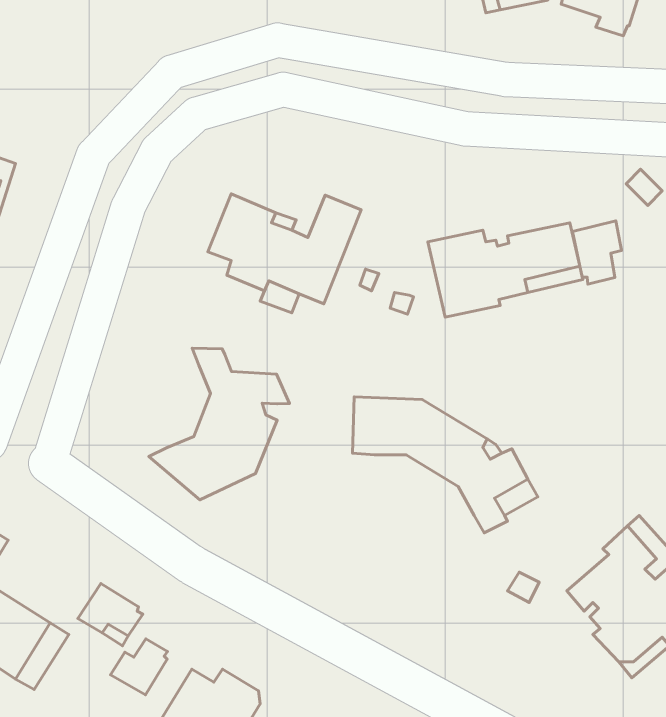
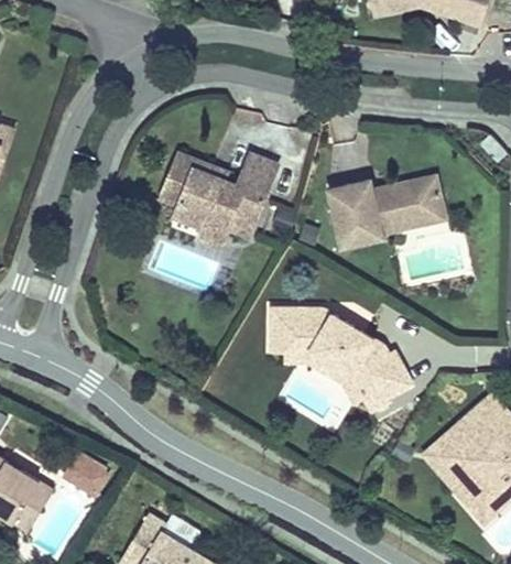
building: [573,221,622,284] -> none
building: [149,348,290,500] -> none
building: none -> [285,350,362,402]
building: [110,639,168,695] -> none

